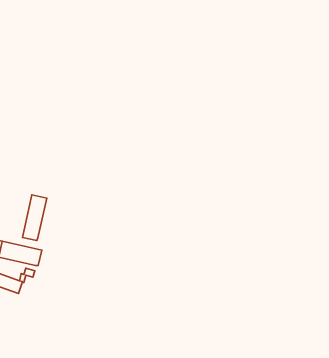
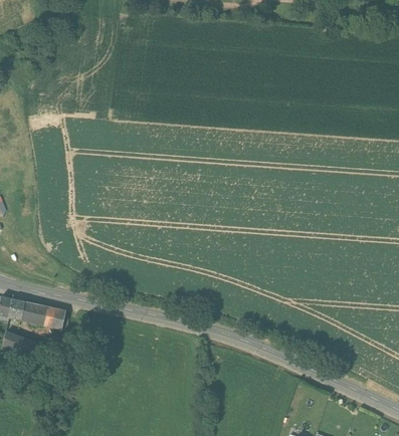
building: [23,195,47,240] -> none

